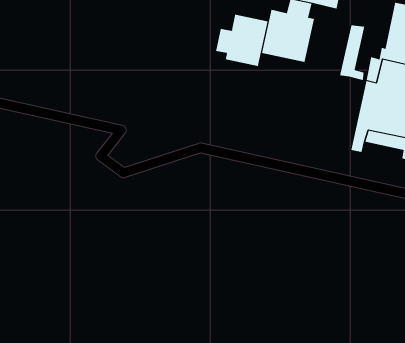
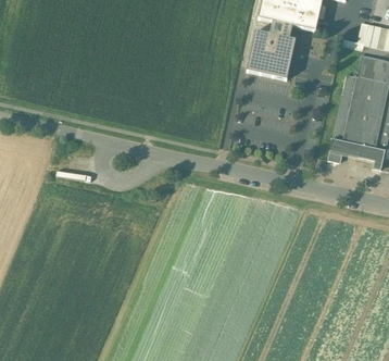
building: [215,14,268,67] -> none
building: [340,24,365,81] -> none

